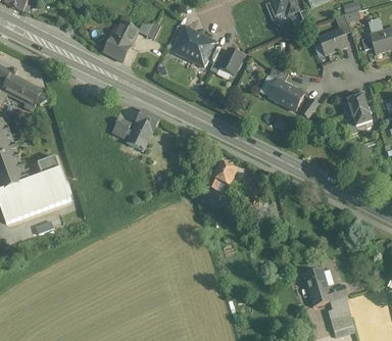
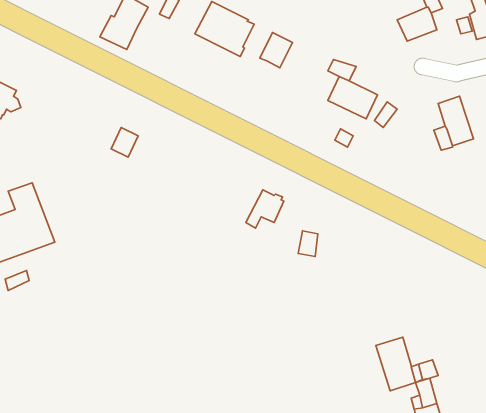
building: [126,108,160,150] -> none

